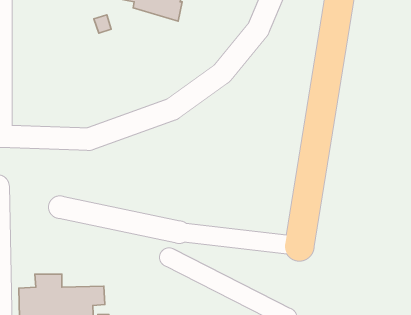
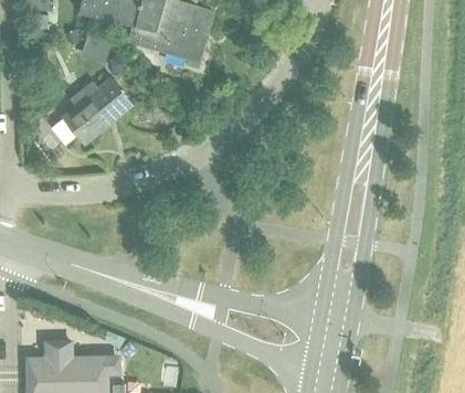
building: none -> [50,79,130,144]

